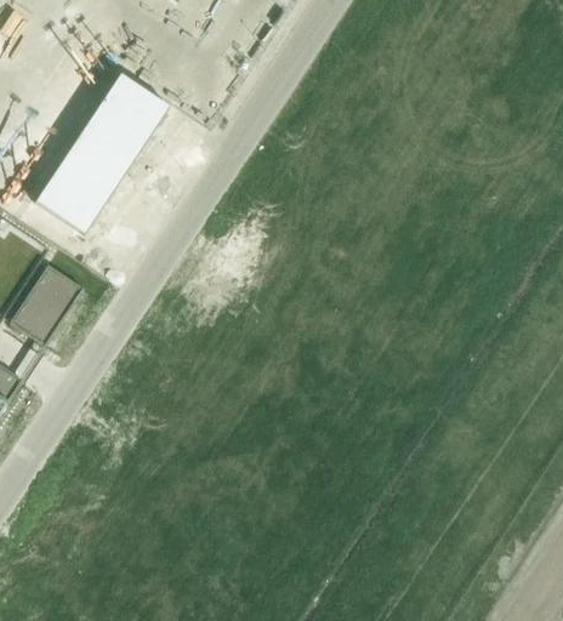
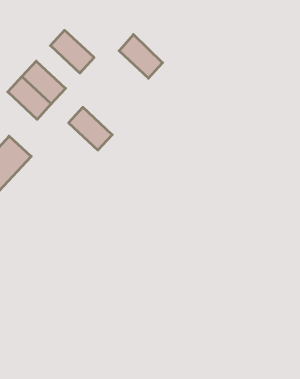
building: [103,70,169,130] -> [119,34,163,78]
building: [69,123,135,181] -> [69,107,112,150]

